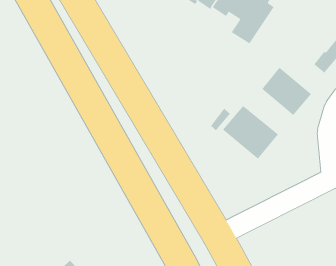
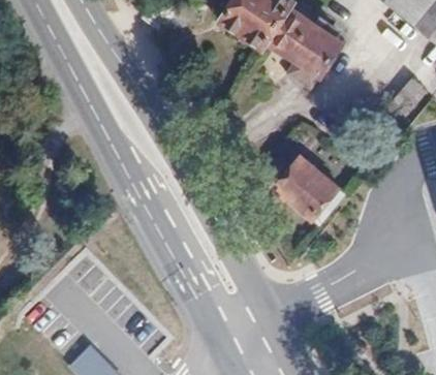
building: [262,67,312,116] -> none

